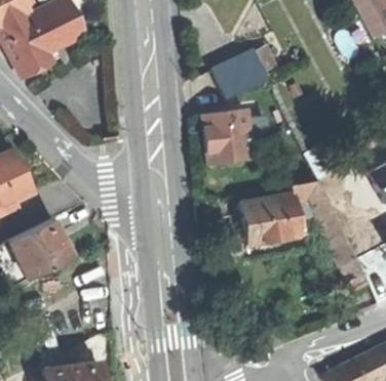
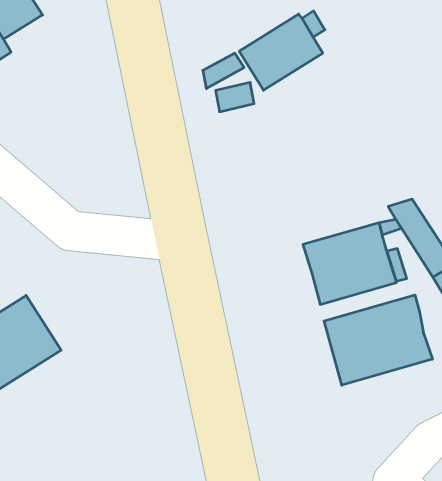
building: [201,111,250,164] -> none
building: none -> [324,295,432,385]

